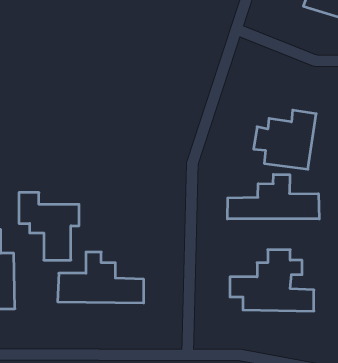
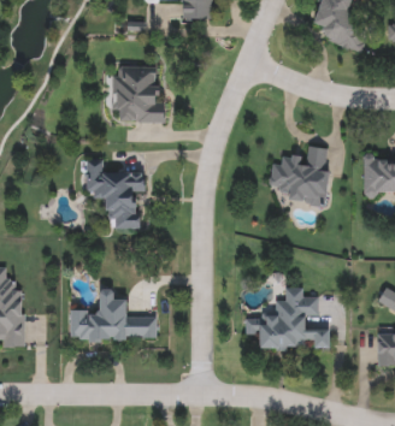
building: none -> [112,65,165,122]
building: [227,174,319,219] -> none
building: [19,193,79,260] -> [83,159,145,227]

